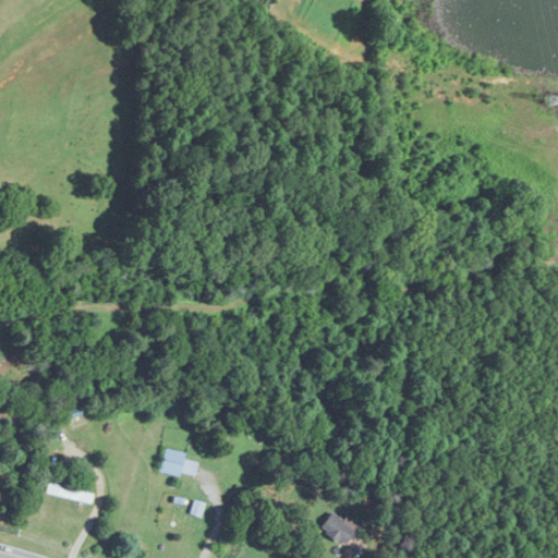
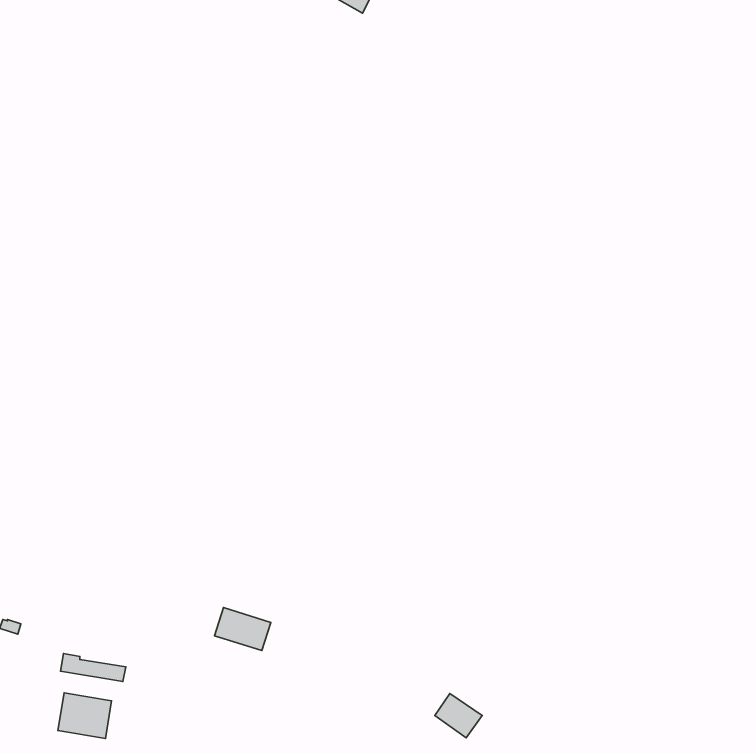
building: none -> [58,693,112,738]

